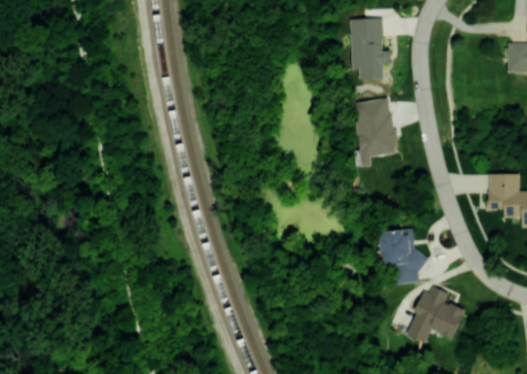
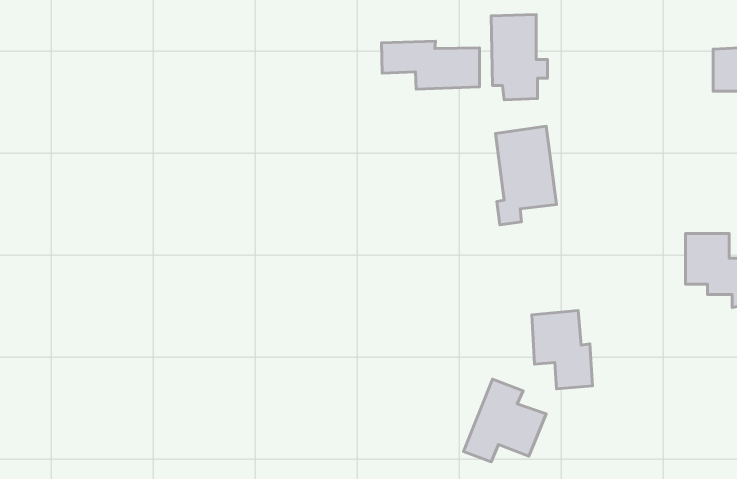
building: none -> [381,41,479,89]
building: [406,284,464,343] -> [463,379,546,462]

